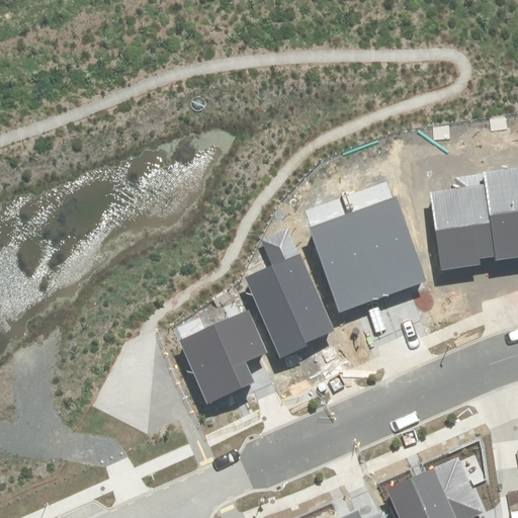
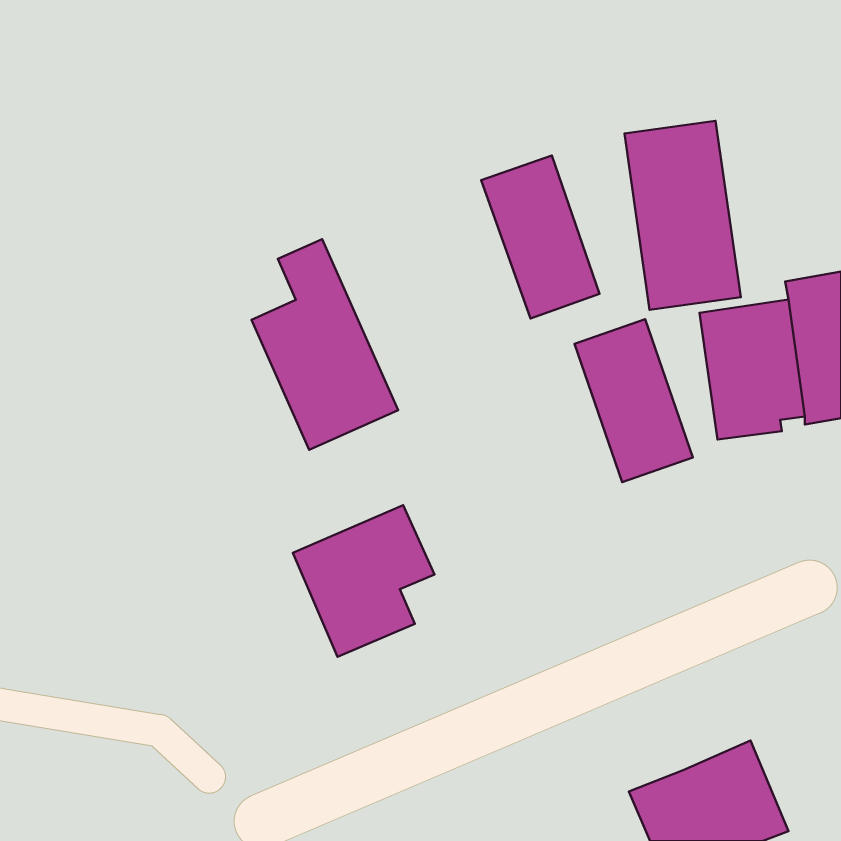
building: none -> [624,121,741,310]
building: [310,211,382,312] -> [481,156,600,318]
building: [245,228,335,357] -> [252,239,398,450]

